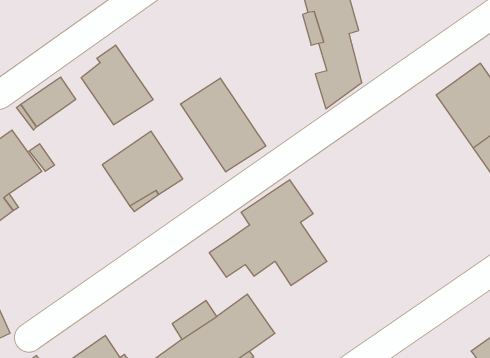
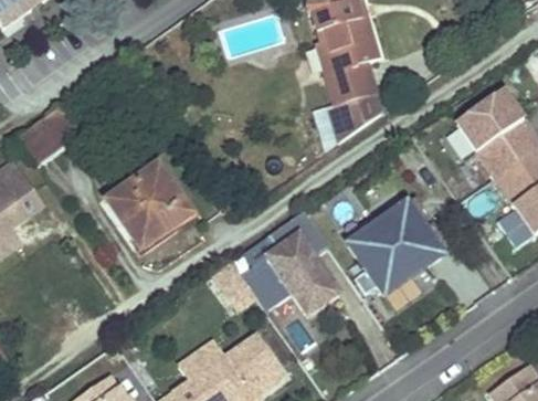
building: [81,45,153,125] -> none
building: [181,78,266,172] -> none
building: none -> [351,207,441,296]

